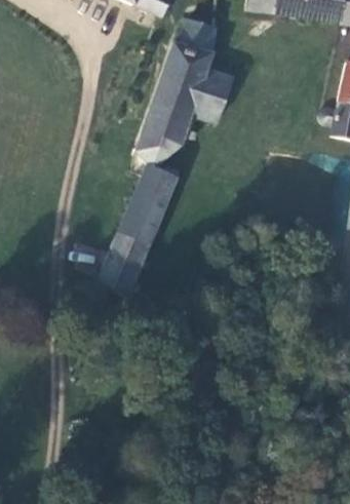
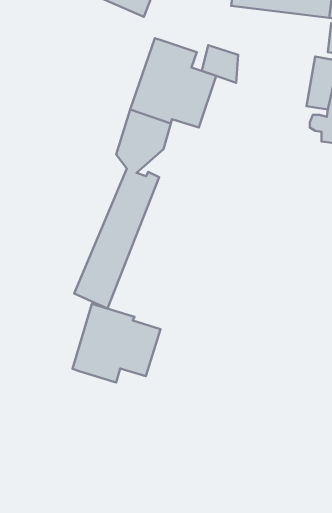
building: [181,16,216,52] -> [202,45,238,83]
building: none -> [73,304,160,382]

